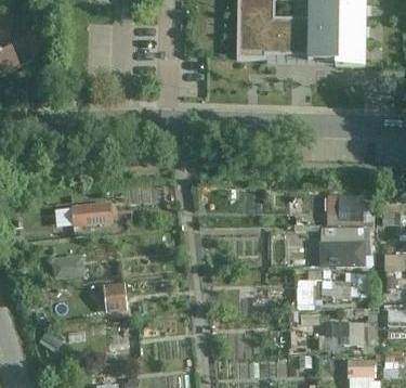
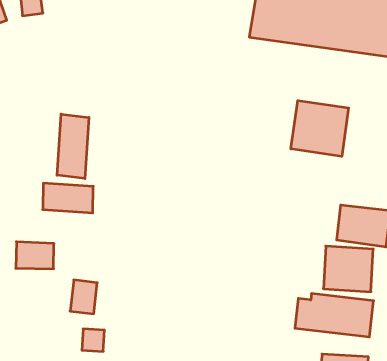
building: none -> [291,101,349,156]
building: none -> [57,114,89,179]

